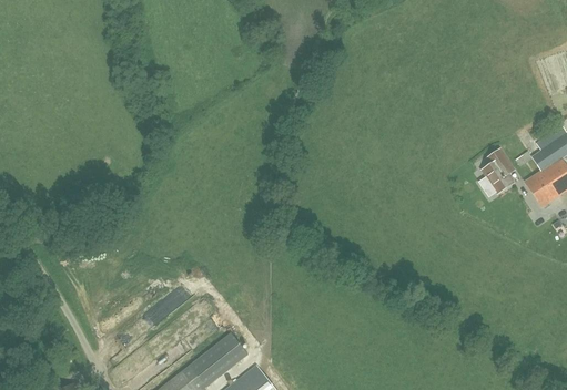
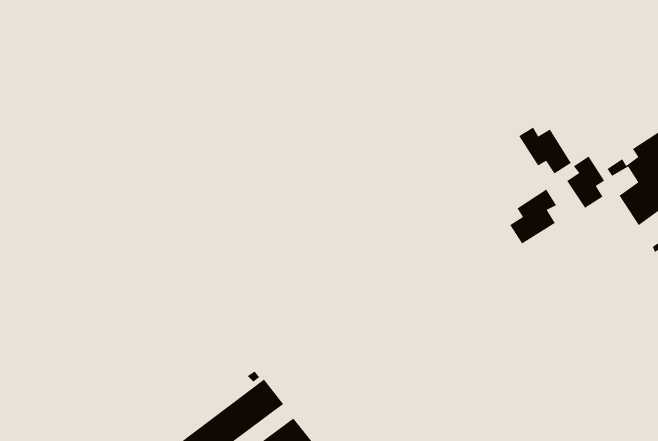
building: none -> [518,126,572,175]
building: none -> [509,189,557,244]

